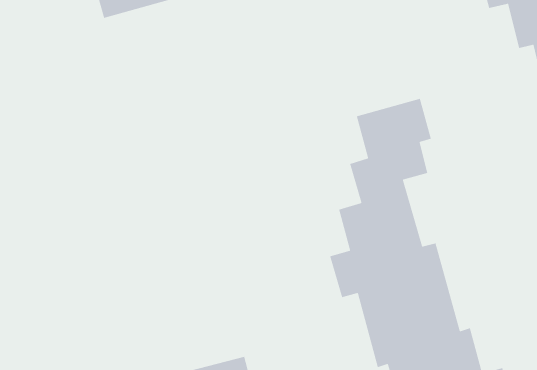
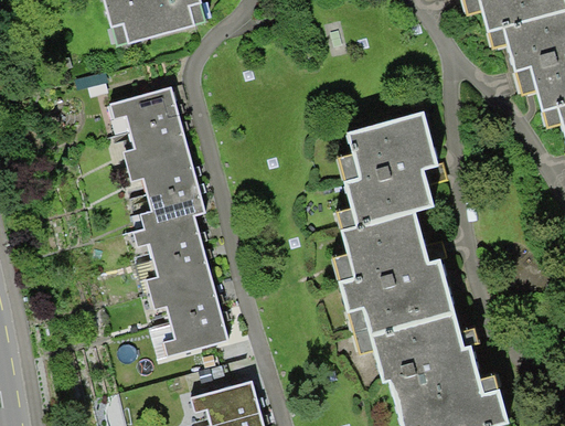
building: none -> [108,88,226,349]

